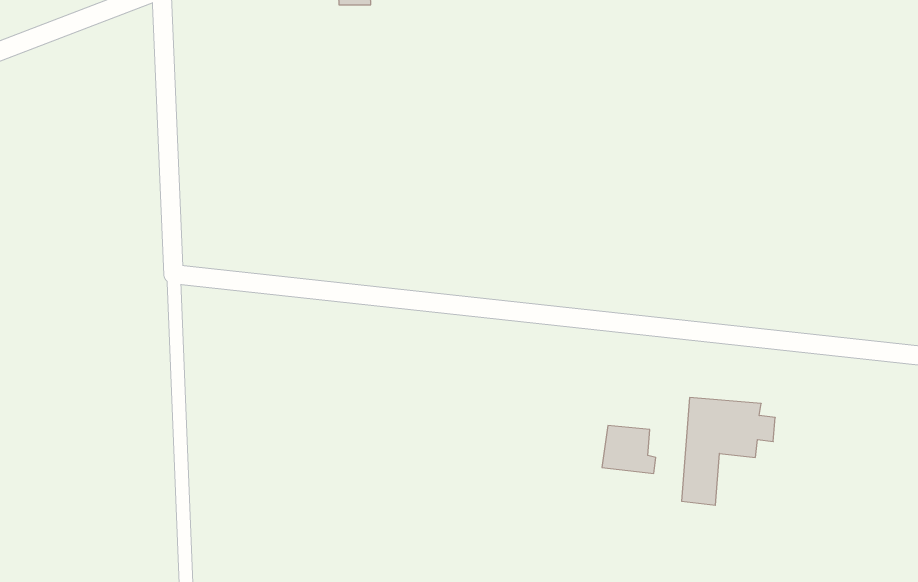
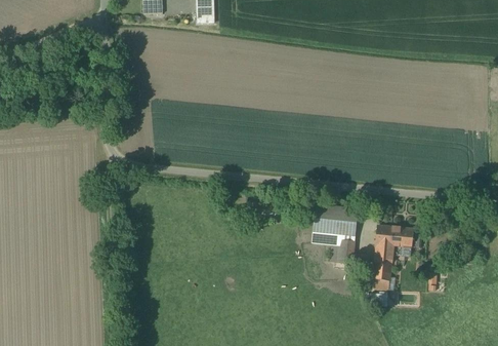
building: none -> [315,205,359,235]

